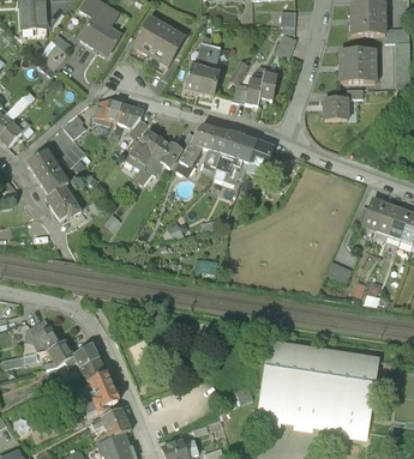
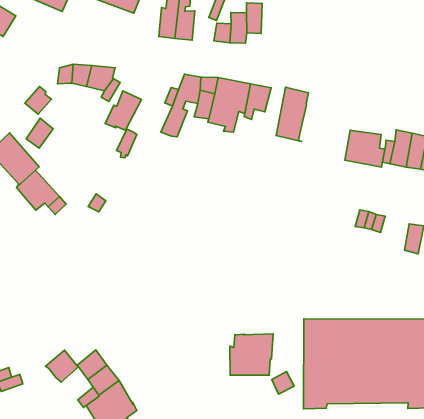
building: [323,97,347,119] -> none
building: [145,139,181,167] -> none
building: none -> [276,87,308,142]
building: none -> [345,130,385,167]
building: [28,319,59,351] -> none
building: none -> [230,334,273,375]

